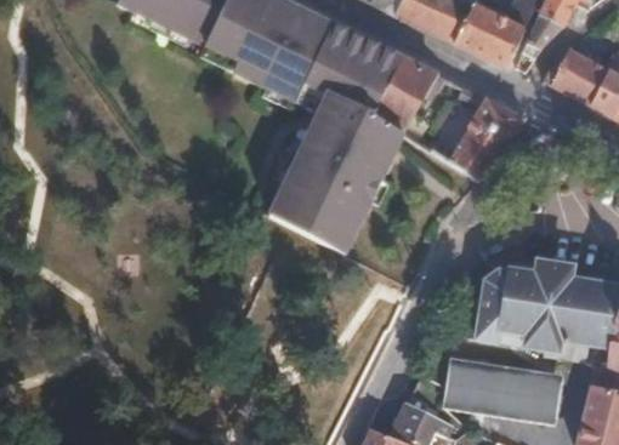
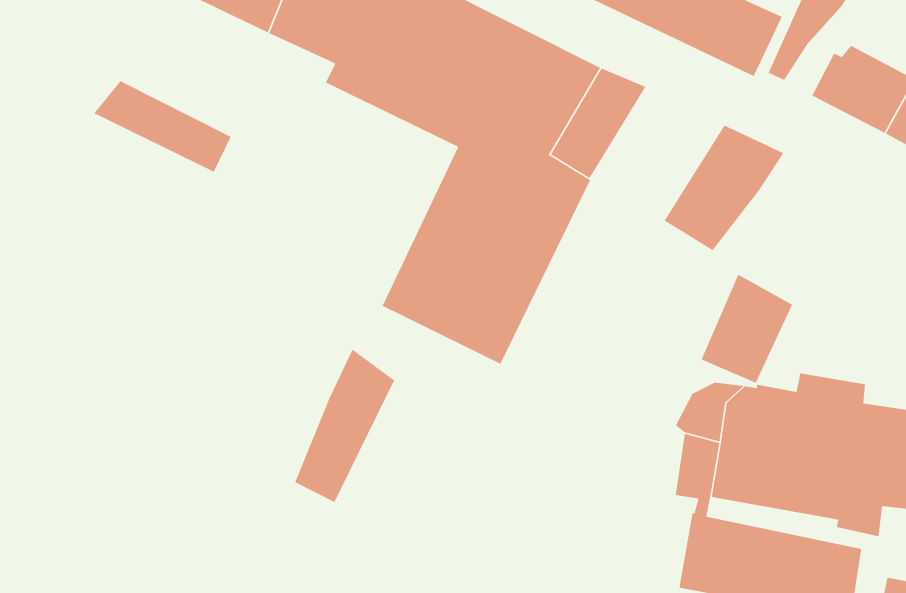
building: none -> [93,80,232,173]
building: none -> [701,273,793,384]
building: none -> [294,348,395,503]

